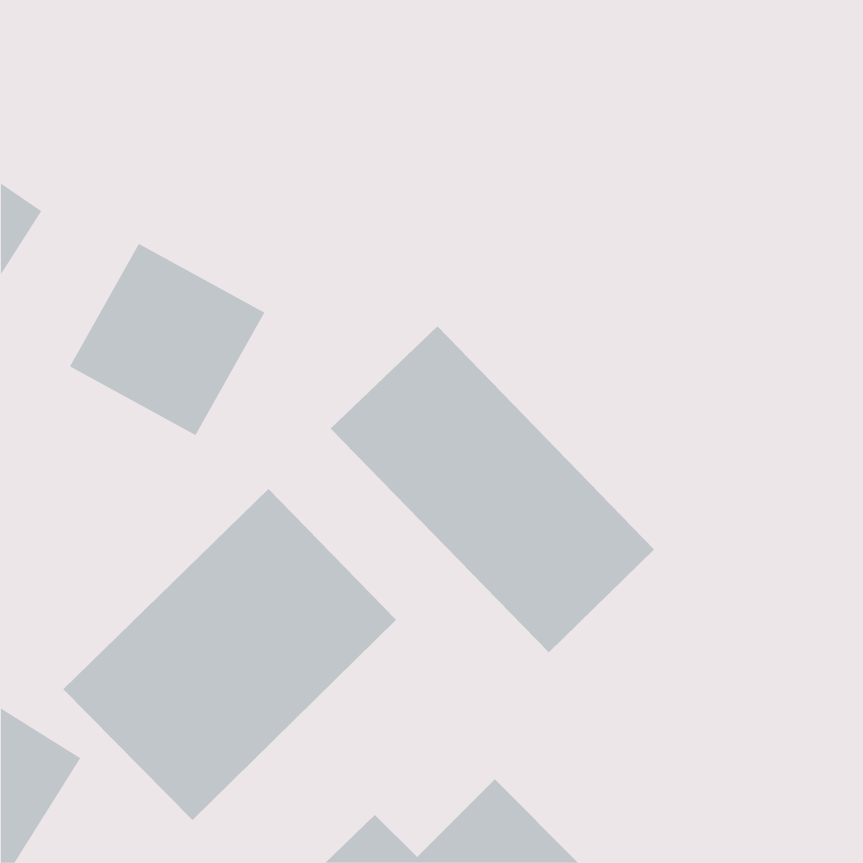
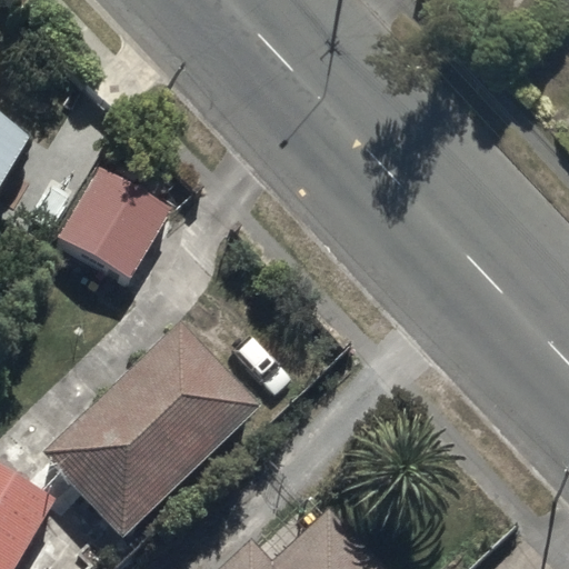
building: [330,325,655,653] -> none

